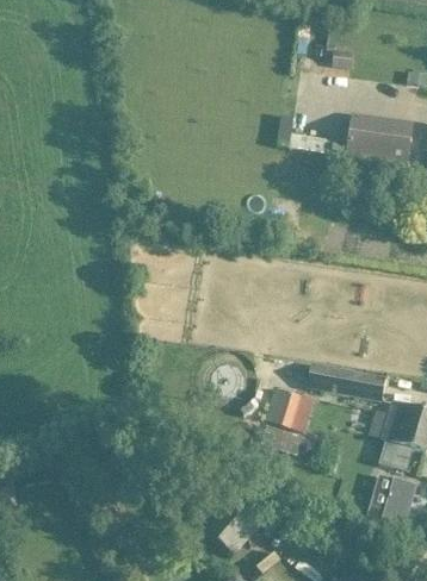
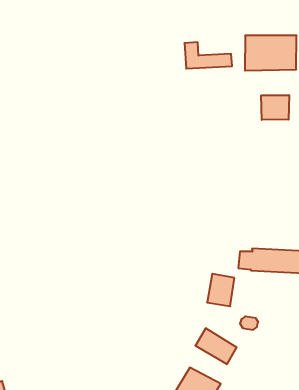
building: none -> [261,95,289,120]
building: none -> [195,328,237,364]

